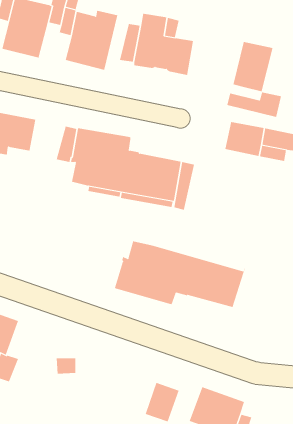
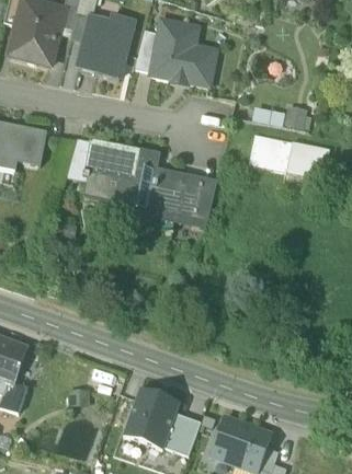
building: [233,41,273,92] -> none
building: [114,240,246,308] -> none
building: none -> [123,388,180,450]

